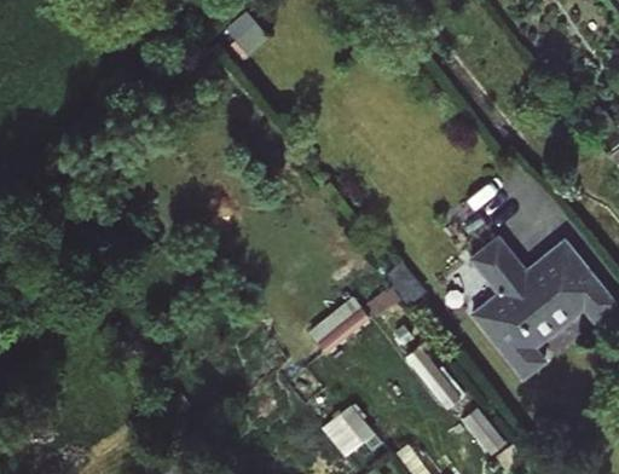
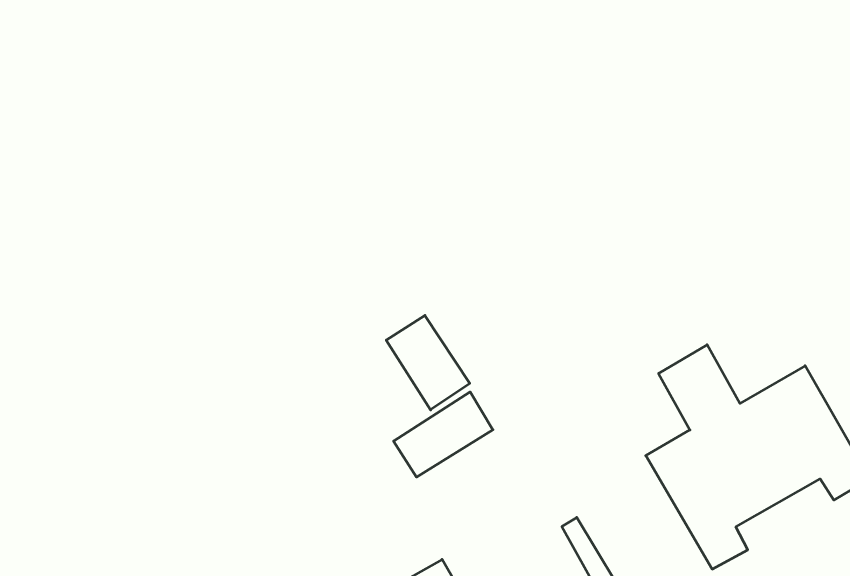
building: none -> [386,315,470,410]

